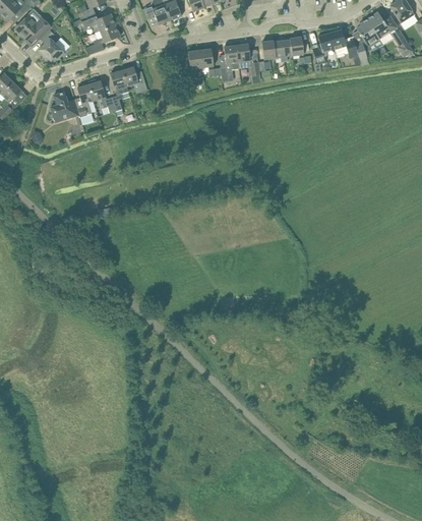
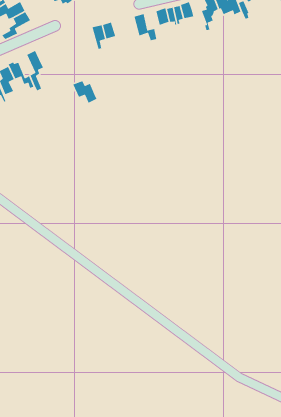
building: [220,45,239,81] -> none
building: [121,66,147,94] -> [72,80,98,104]

